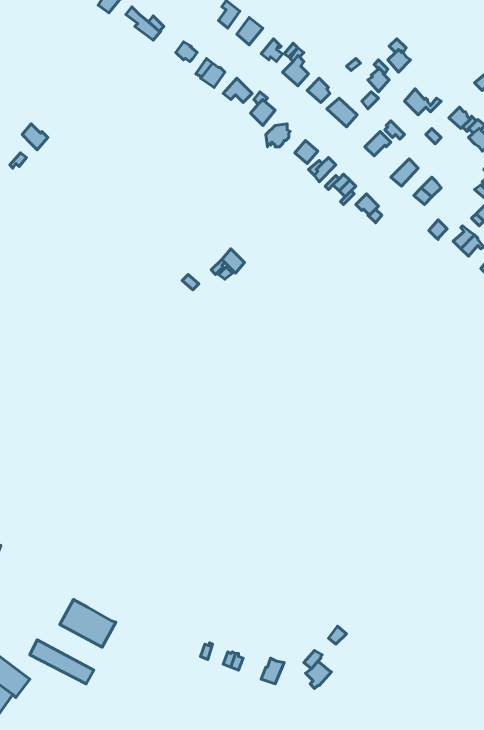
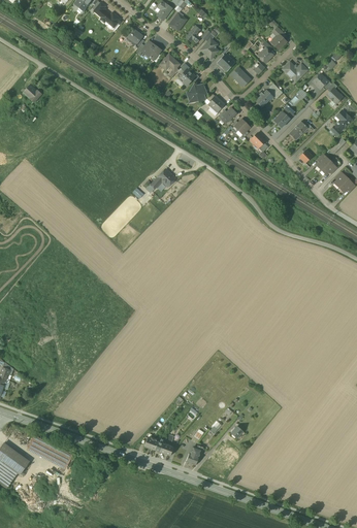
building: [60,599,116,647] -> none

